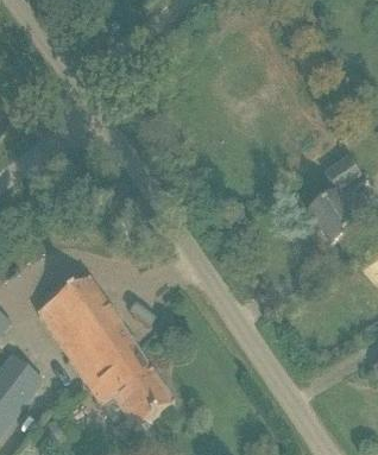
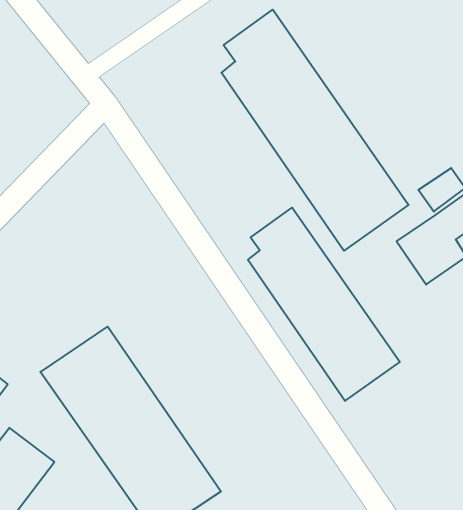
building: none -> [221,10,409,251]
building: none -> [248,208,400,401]

